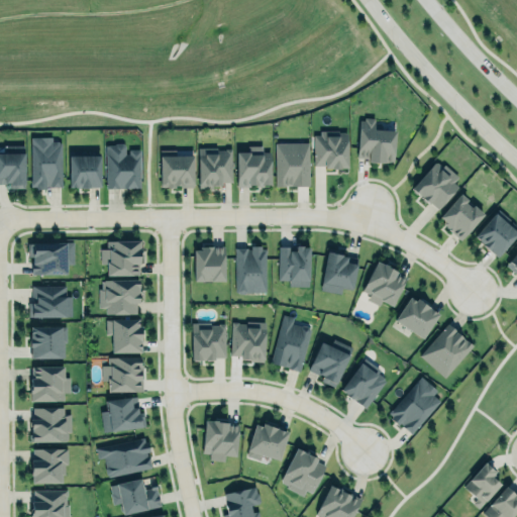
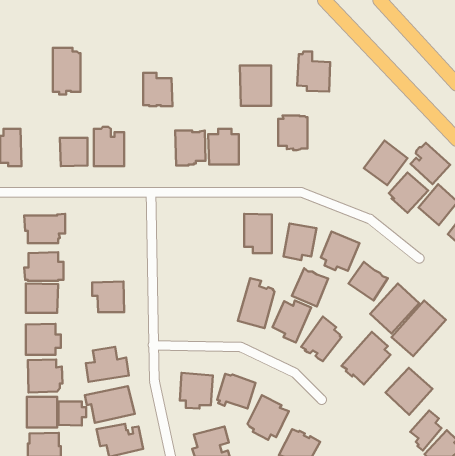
building: [358,116,396,162] -> [297,51,330,92]
building: [32,137,64,190] -> [53,48,81,94]
building: [275,141,310,187] -> [240,66,271,106]
building: [163,150,196,188] -> [143,73,173,106]
building: none -> [411,143,450,184]
building: [103,241,142,277] -> none
building: [234,244,267,293] -> none
building: [195,246,226,282] -> none
building: [100,281,139,315] -> none
building: none -> [292,268,328,306]
building: [233,322,268,363] -> none
building: [193,324,228,363] -> none
building: none -> [392,301,446,356]
building: [104,358,144,392] -> none
building: none -> [386,368,432,415]
building: none -> [58,402,86,425]

